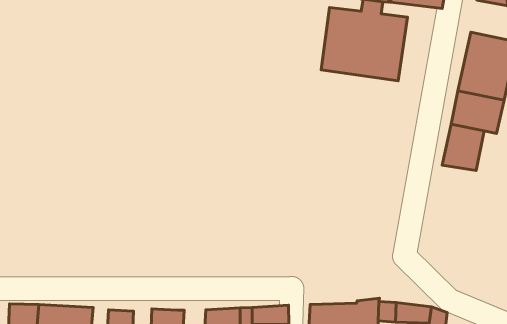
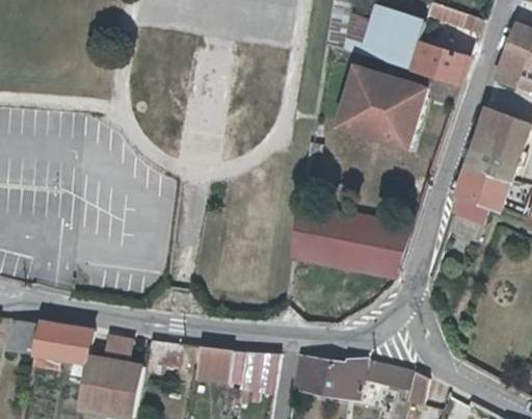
building: none -> [291,211,415,279]

